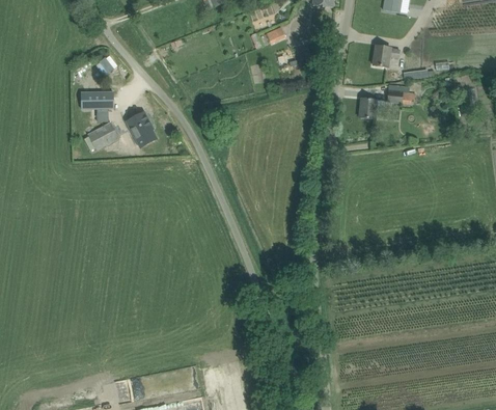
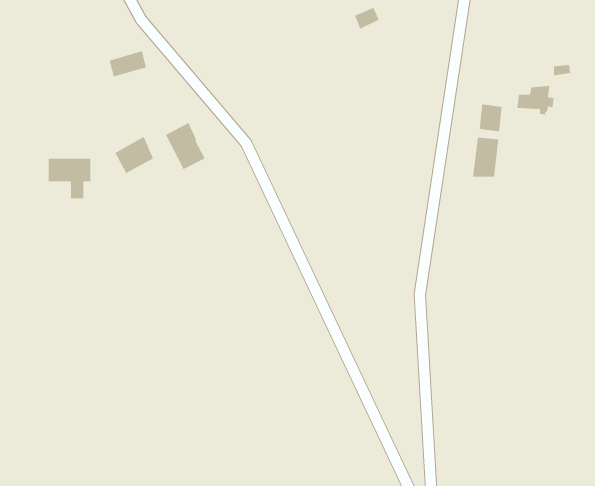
building: [373,45,399,66] -> none
building: [81,90,113,120] -> [48,158,91,199]
building: none -> [473,137,499,178]

